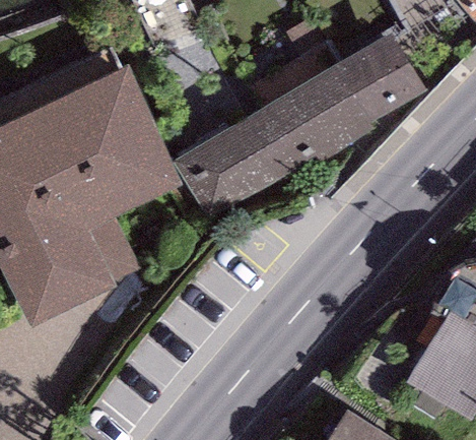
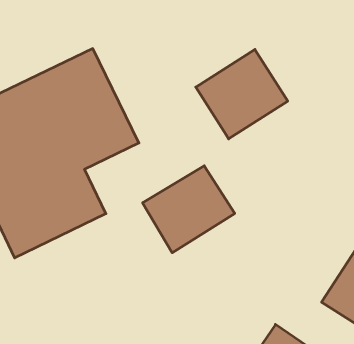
building: [323,26,428,131] -> none
building: [174,114,287,222] -> [143,166,235,253]

